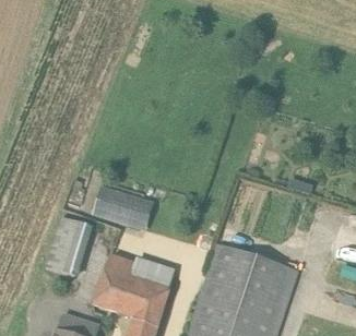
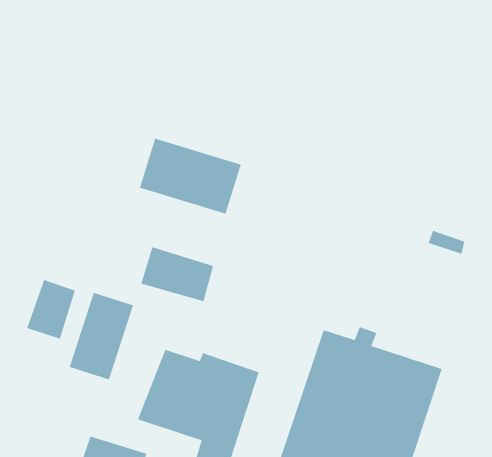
building: none -> [139,138,241,215]
building: none -> [26,279,76,340]

